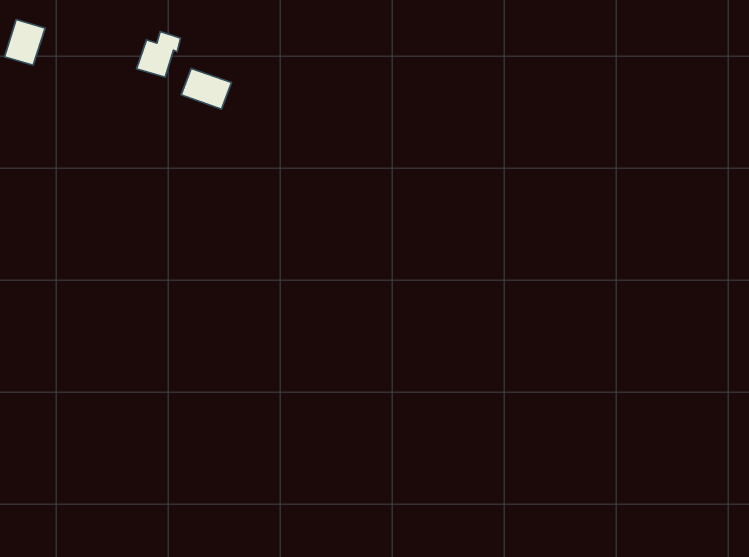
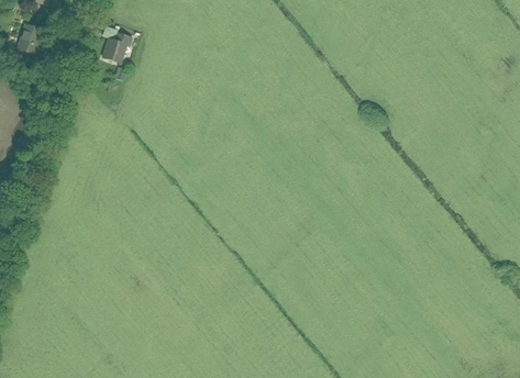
building: [181,68,232,109] -> none

